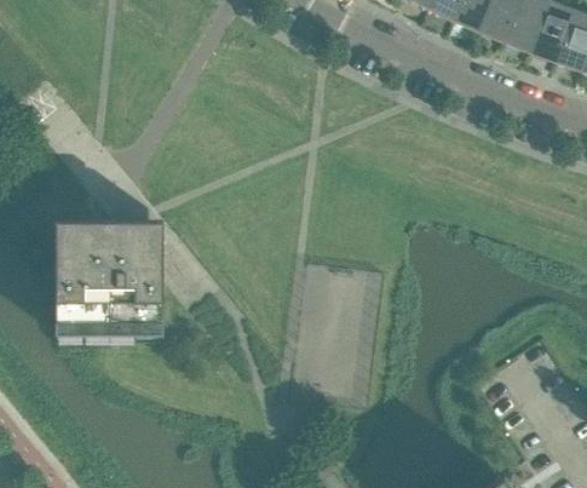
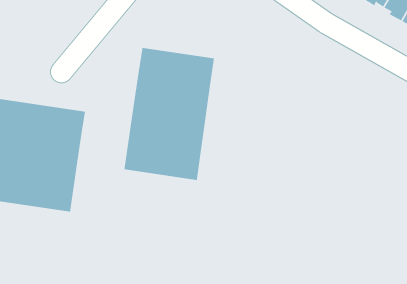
building: none -> [124,47,215,181]

